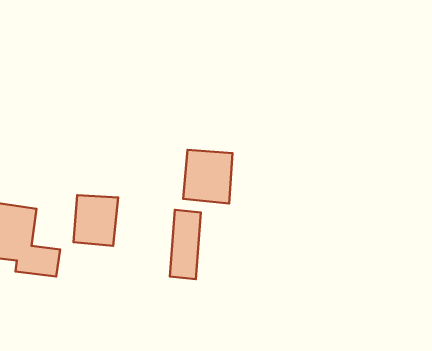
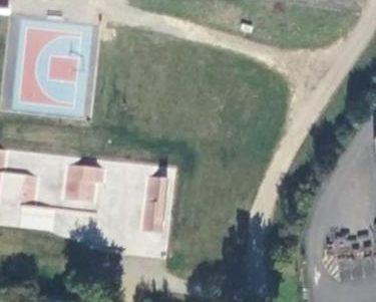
building: [183,150,232,204] -> none

